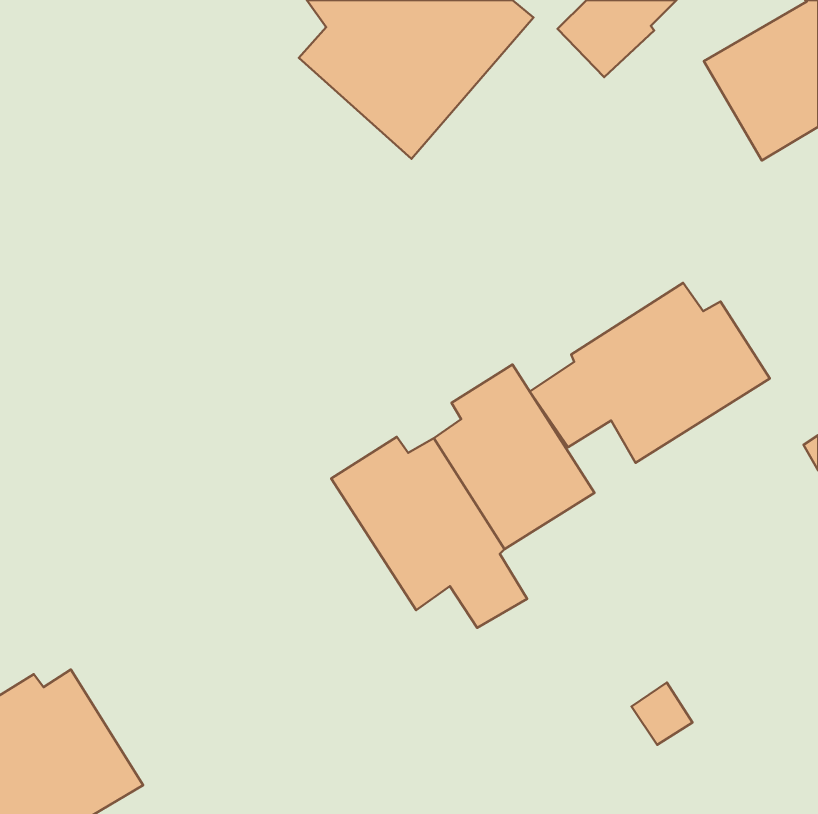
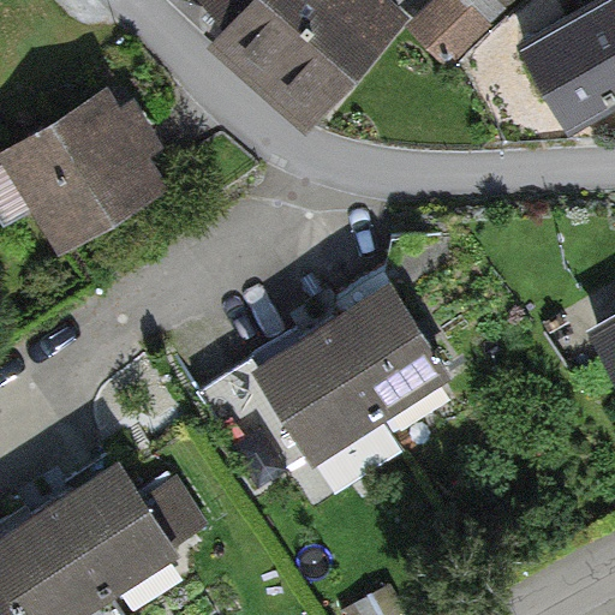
building: none -> [11,98,154,241]
building: [530,283,770,463] -> none
building: none -> [53,456,202,592]

